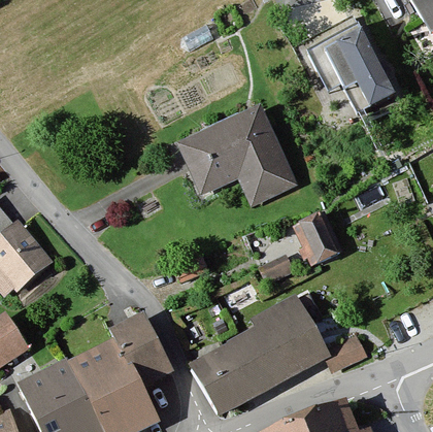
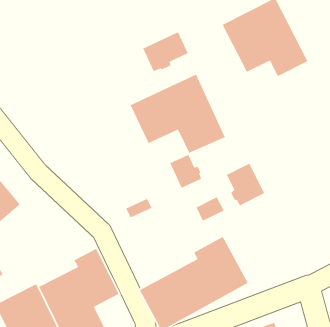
building: none -> [142,31,189,72]
building: none -> [169,154,202,189]
building: [322,333,364,369] -> none

